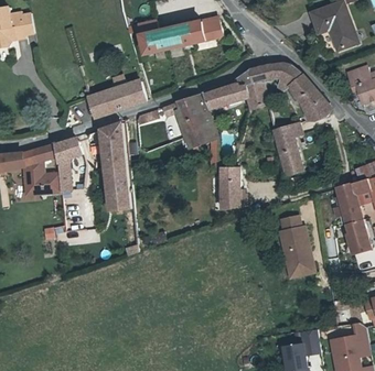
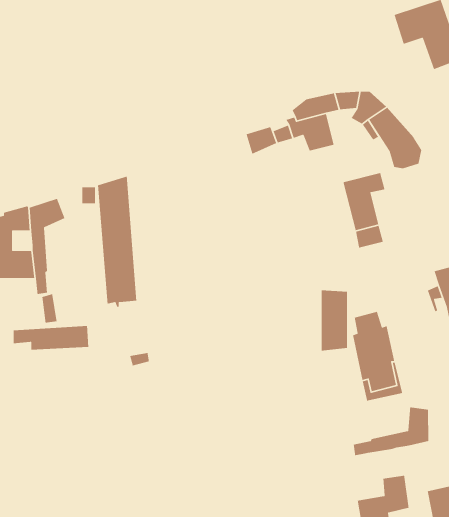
building: [126,15,223,54] -> none
building: [88,80,147,118] -> none
building: [171,94,216,149] -> none
building: [219,164,238,207] -> [321,289,348,352]
building: none -> [353,406,429,456]

